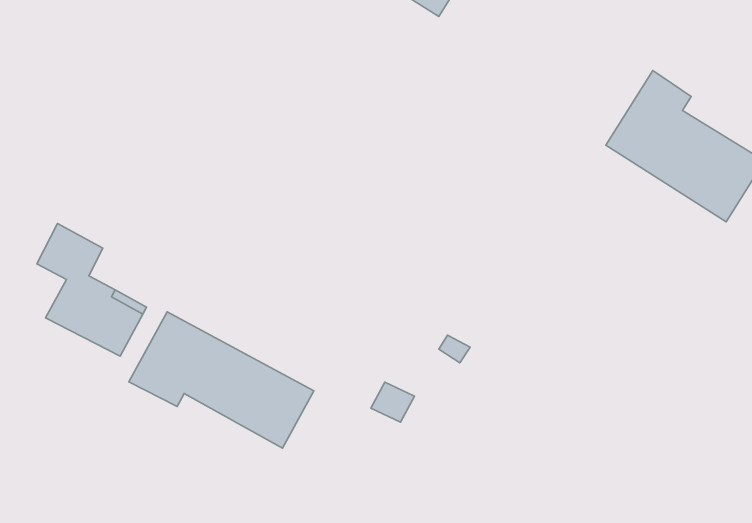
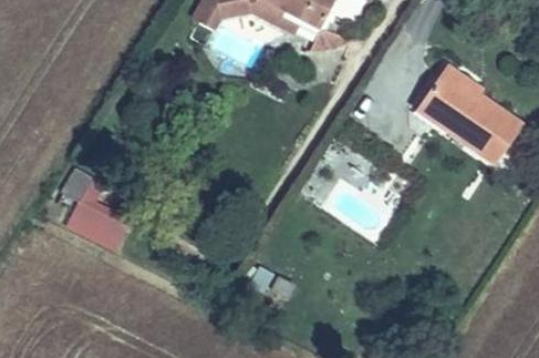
building: [129,312,314,448] -> none

